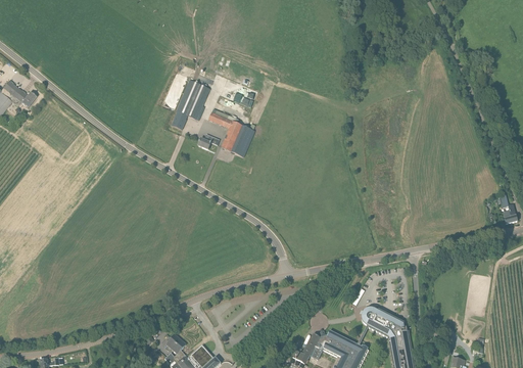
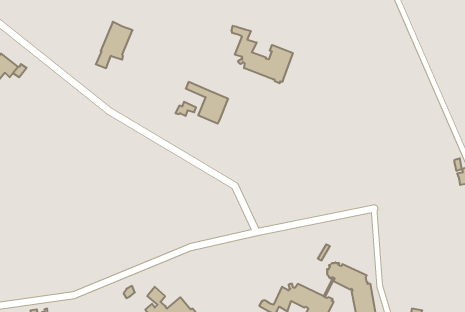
building: none -> [231,26,293,83]
building: [170,78,209,128] -> [96,22,133,68]

